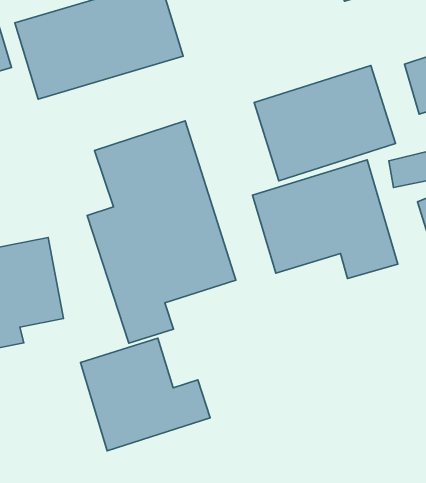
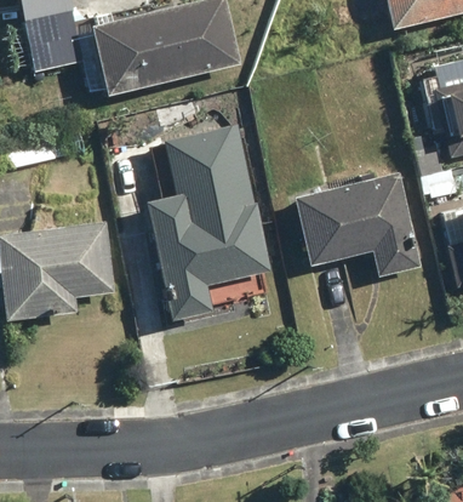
building: [254,65,395,181] -> none
building: [81,338,210,451] -> none

